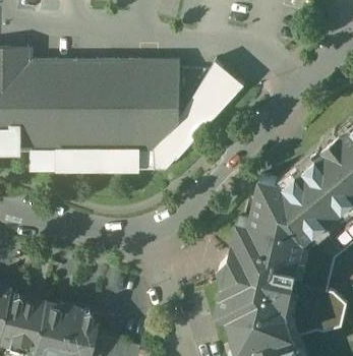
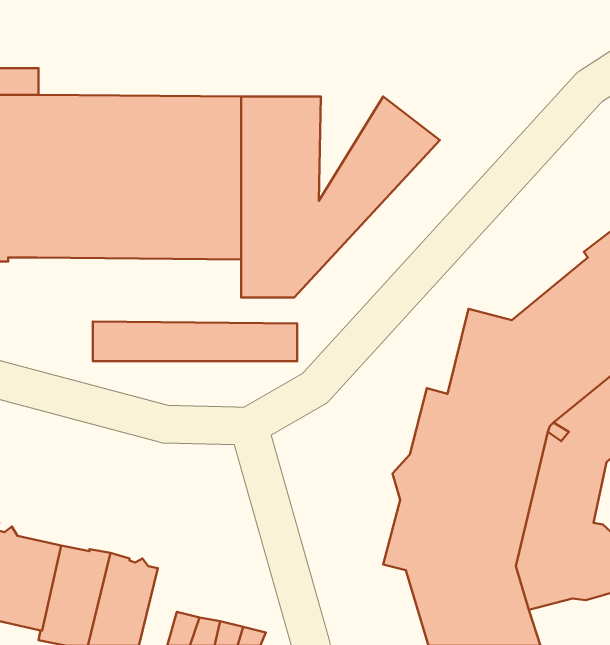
building: [27,146,137,168] -> [93,322,297,361]

